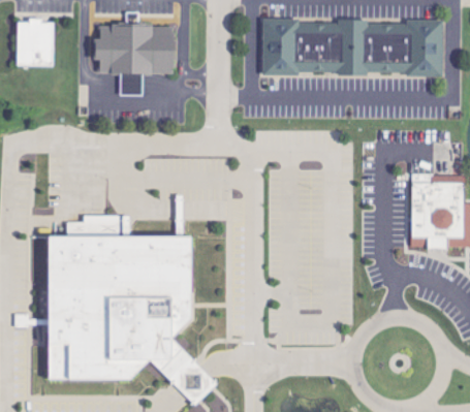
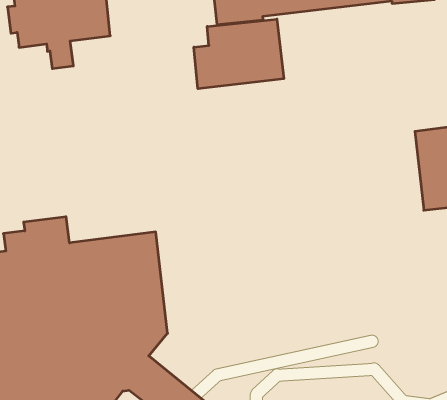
building: none -> [194,19,284,89]

